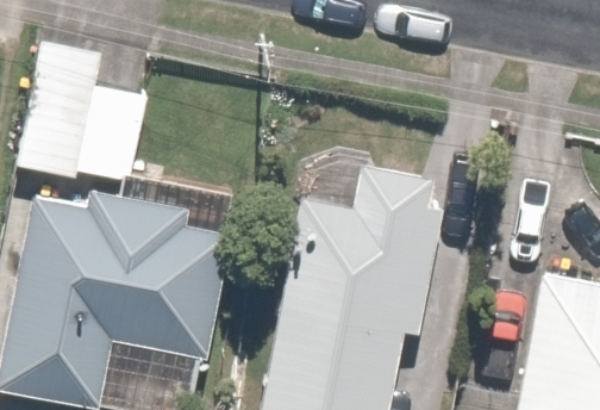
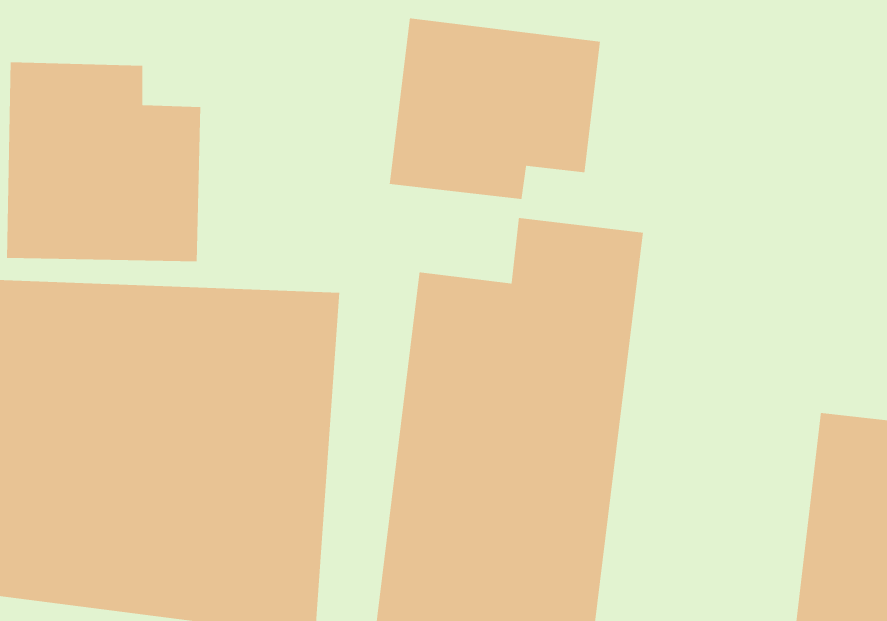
building: none -> [389,18,601,200]

